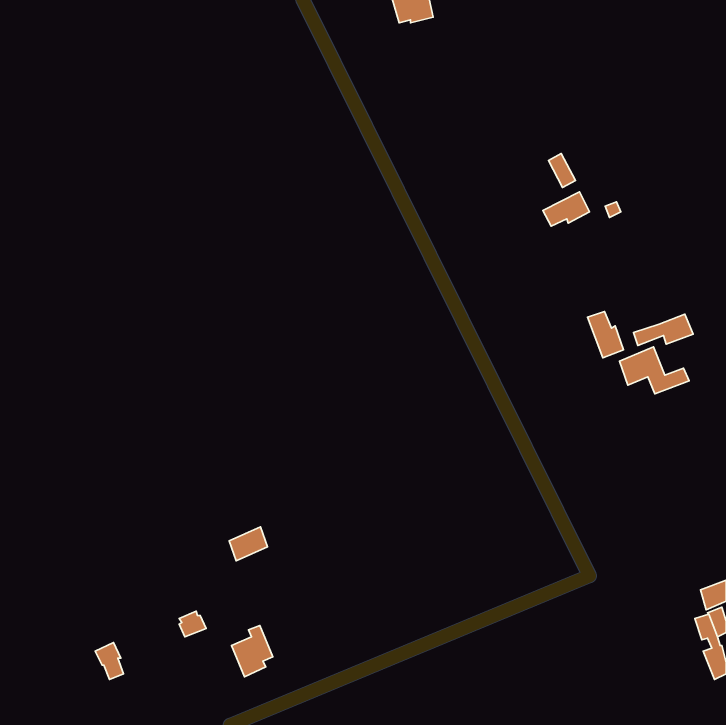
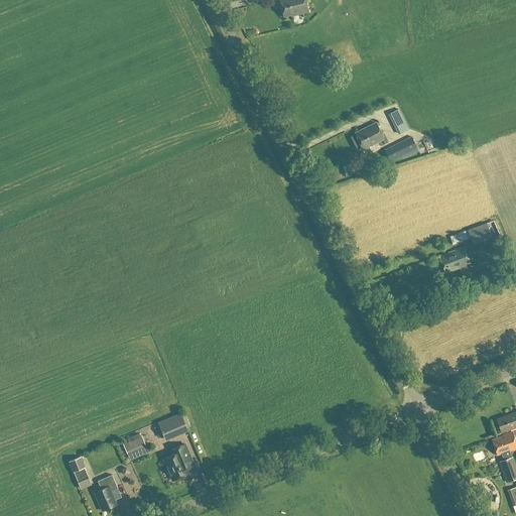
building: none -> [356,123,383,149]
building: [588,312,624,358] -> none
building: [229,527,268,561] -> [159,413,186,437]
building: none -> [95,474,118,510]

